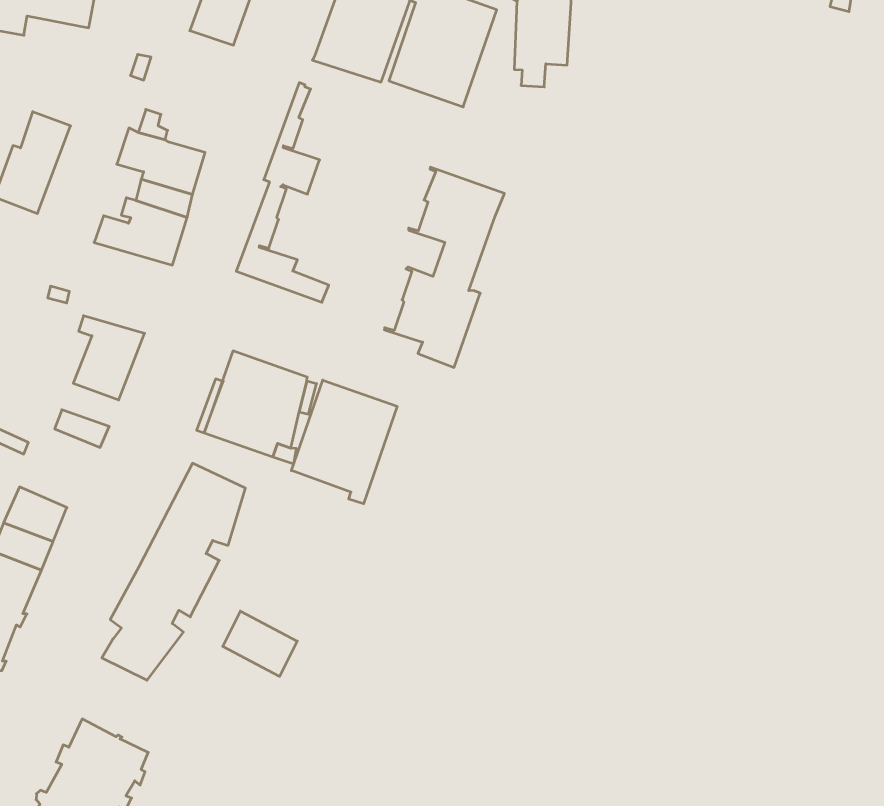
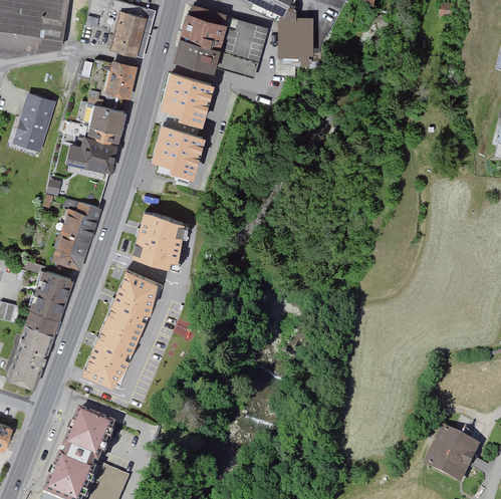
building: none -> [109,64,136,96]
building: [384,167,504,367] -> [156,73,213,176]
building: [291,380,397,504] -> none
building: none -> [59,235,88,256]
building: none -> [40,271,72,299]
building: [223,611,297,676] -> none

